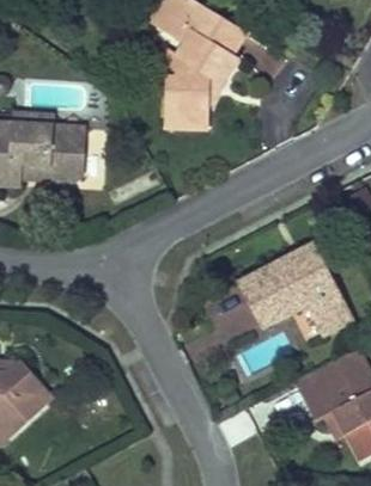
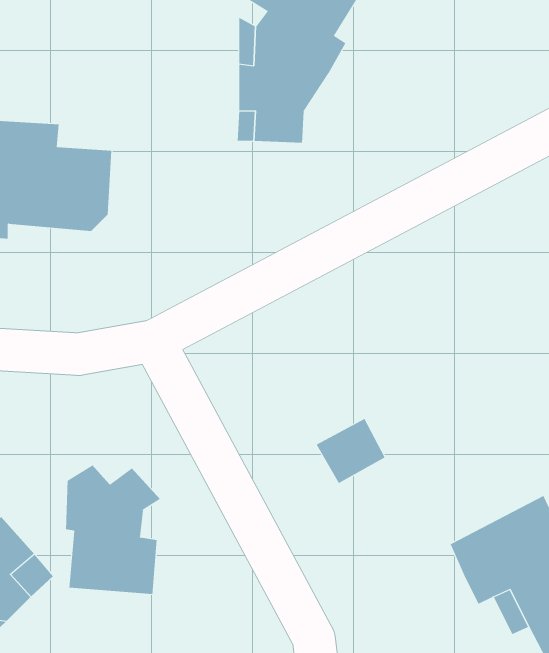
building: [242,245,354,336] -> none
building: none -> [65,464,161,595]

